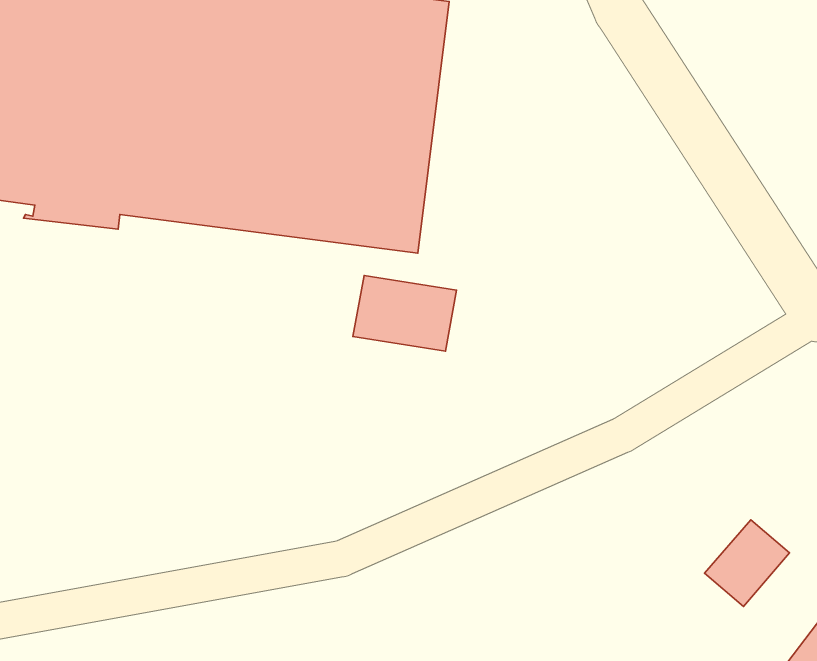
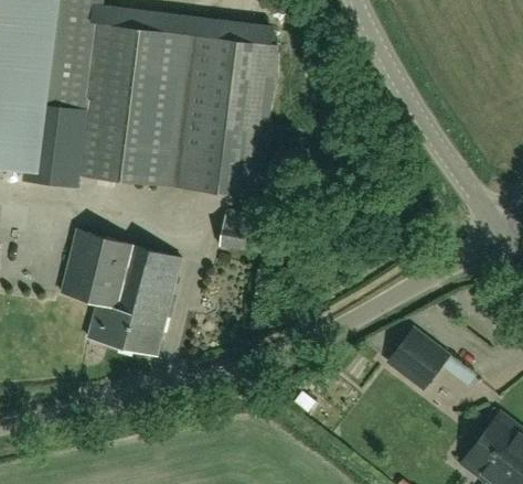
building: none -> [61,230,183,355]
building: none -> [385,326,450,390]

